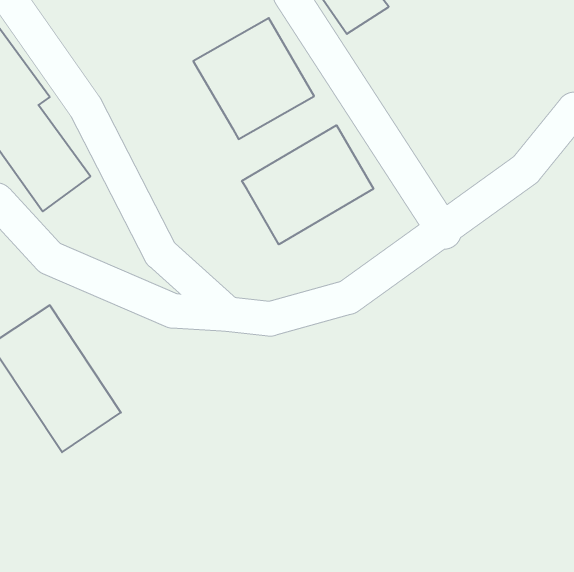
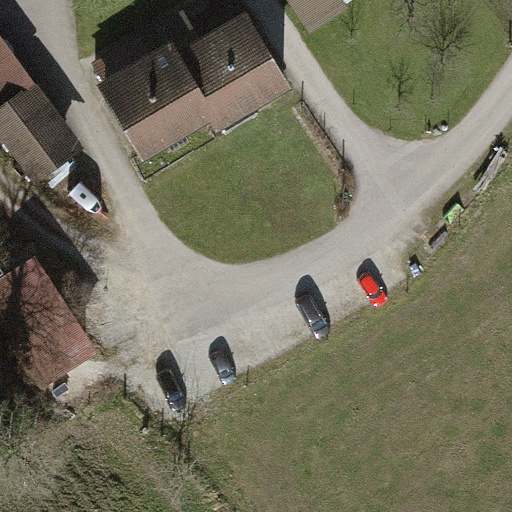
building: none -> [96,43,206,154]
building: [242,125,373,244] -> none

